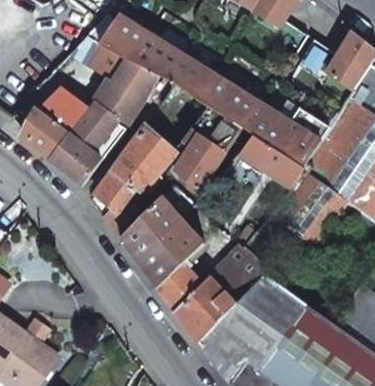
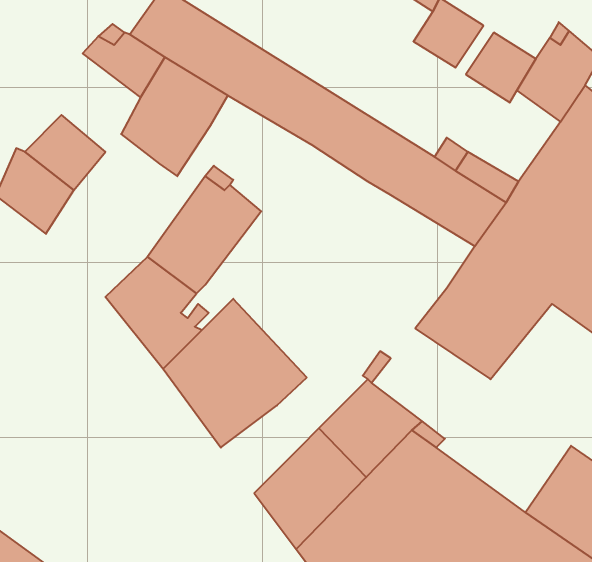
building: [51,100,118,184] -> none
building: [145,106,240,196] -> none
building: [238,134,303,190] -> none
building: [154,259,200,310] -> none

